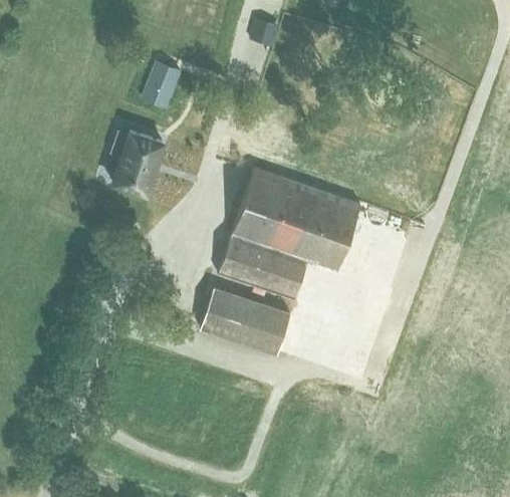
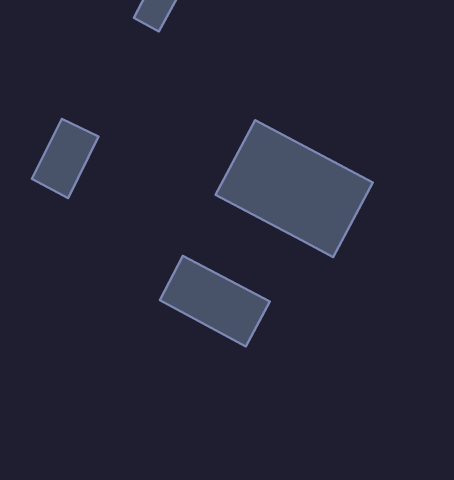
building: [112,134,162,198] -> [32,119,98,198]
building: [219,234,309,300] -> none

